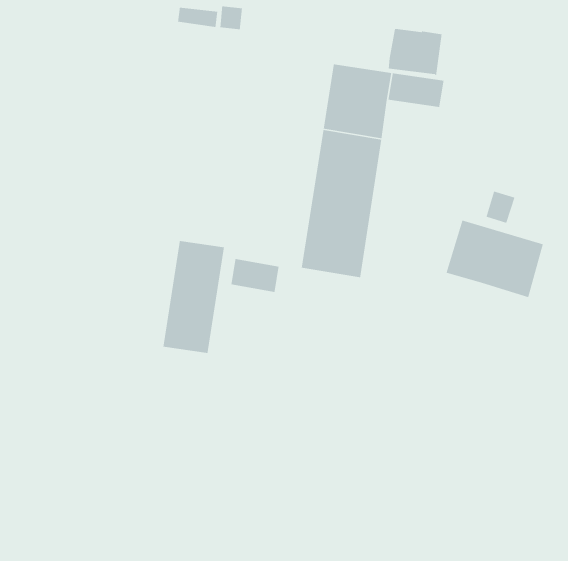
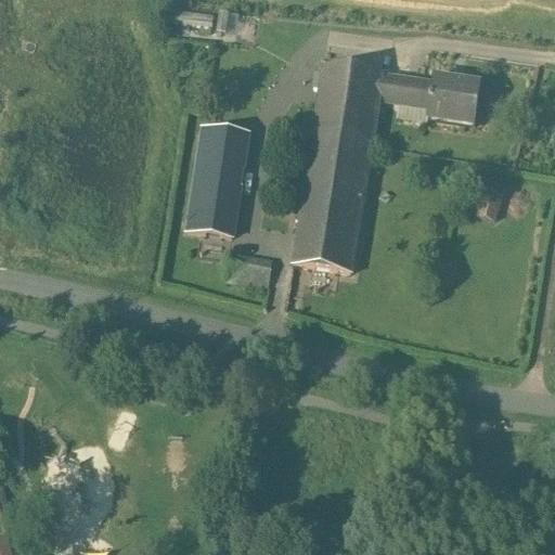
building: [388,27,442,76] -> [428,75,481,122]
building: [446,219,544,298] -> none
building: [162,240,225,354] -> [188,124,248,234]

